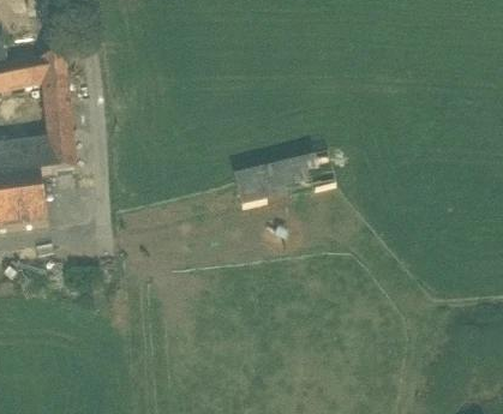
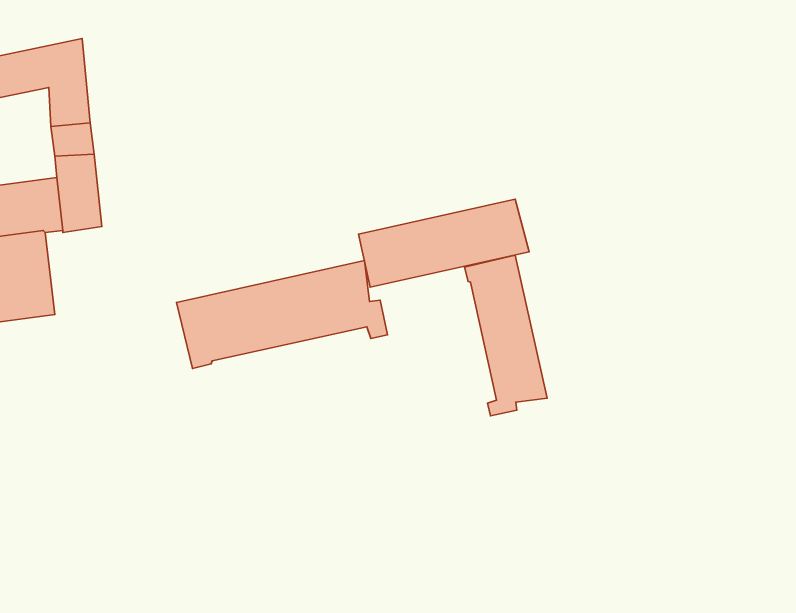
building: none -> [465,255,547,416]
building: none -> [176,261,388,369]

